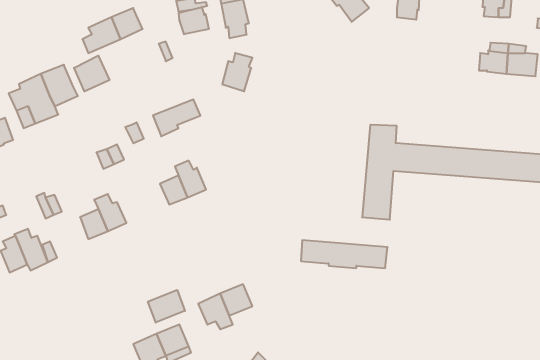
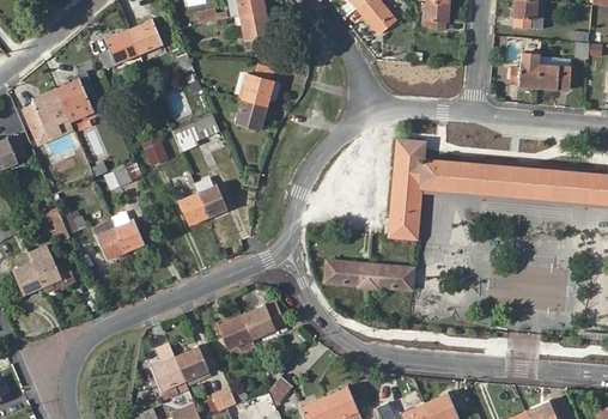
building: [179,7,209,34] -> none
building: [74,56,109,91] -> none
building: none -> [236,98,266,130]
building: [148,290,185,323] -> none

